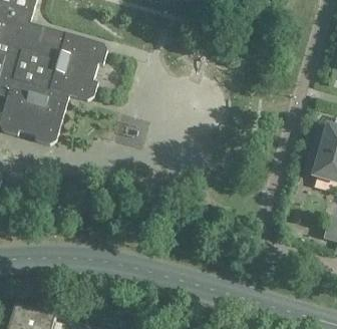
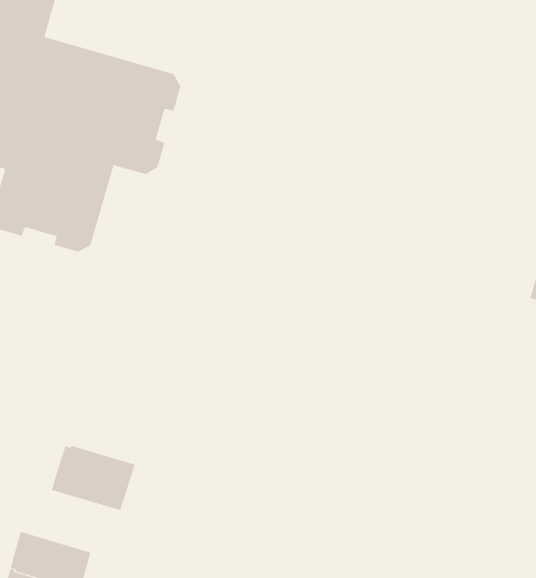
building: none -> [51,445,135,511]

